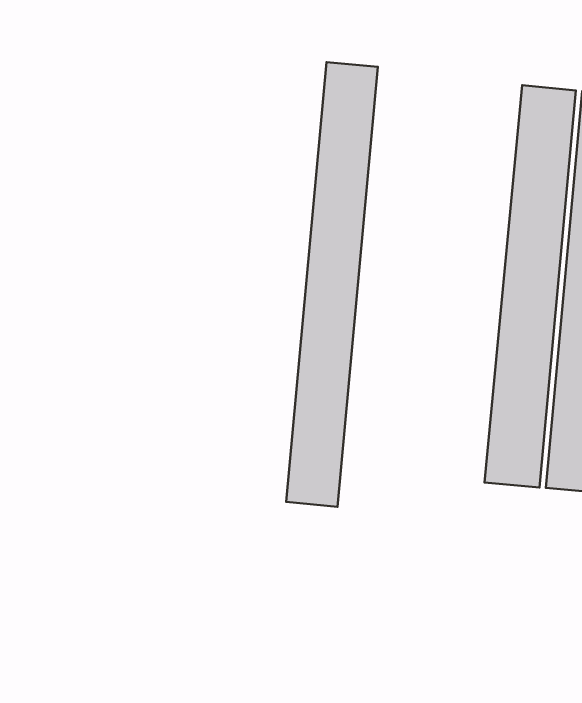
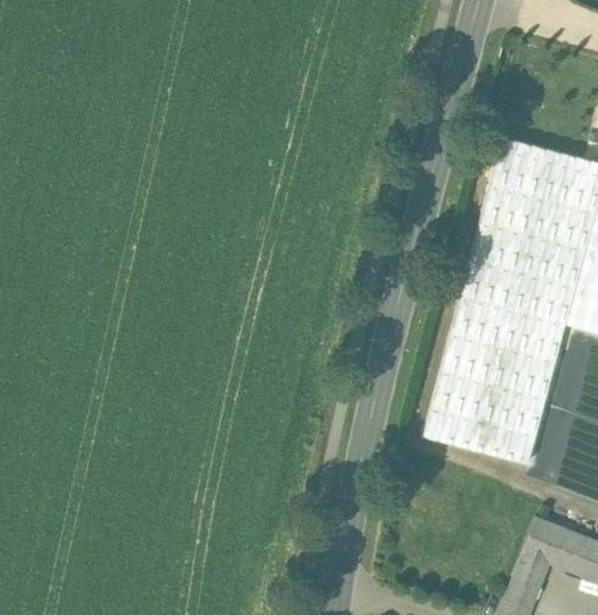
building: [286,62,378,507] -> none

